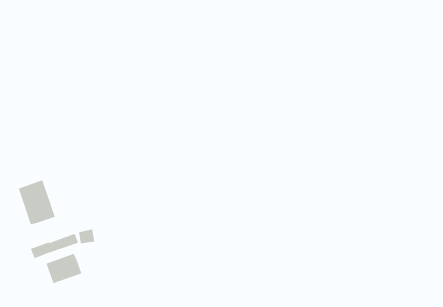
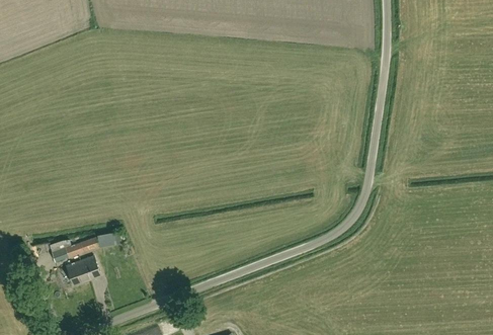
building: [18,179,56,225] -> none

